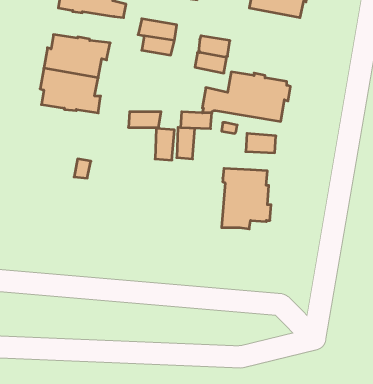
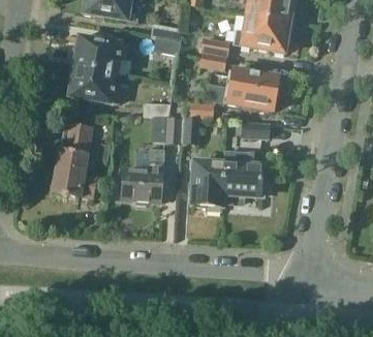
building: none -> [235,13,292,52]
building: none -> [53,122,96,197]
building: none -> [121,149,165,205]
building: none -> [190,160,225,210]

